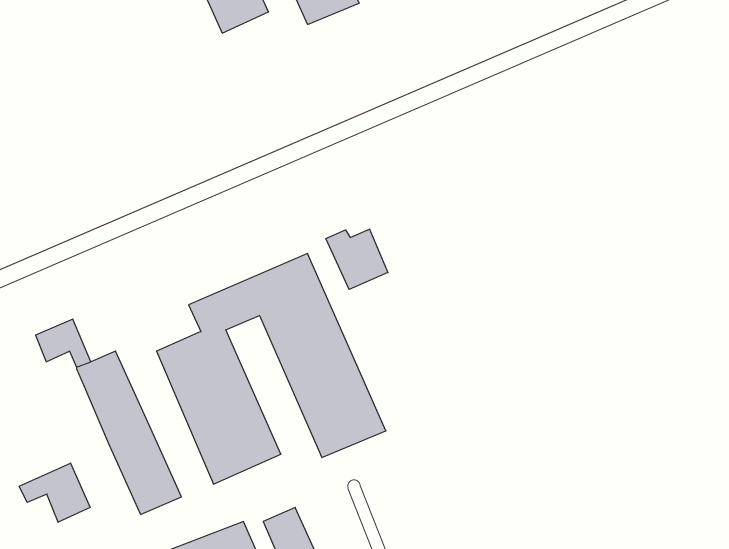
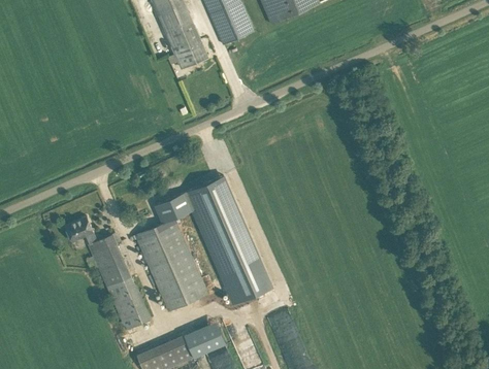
building: none -> [173,37,207,67]
building: [326,229,388,289] -> none
building: [19,463,90,522] -> none

